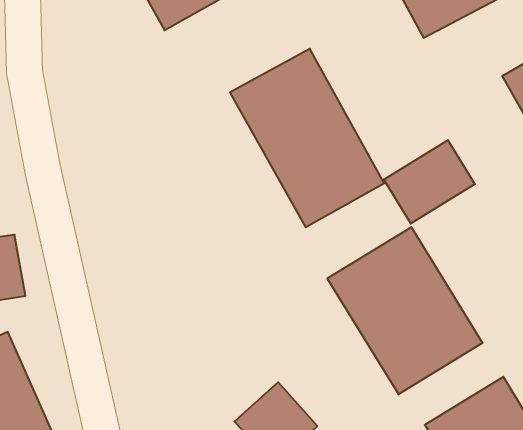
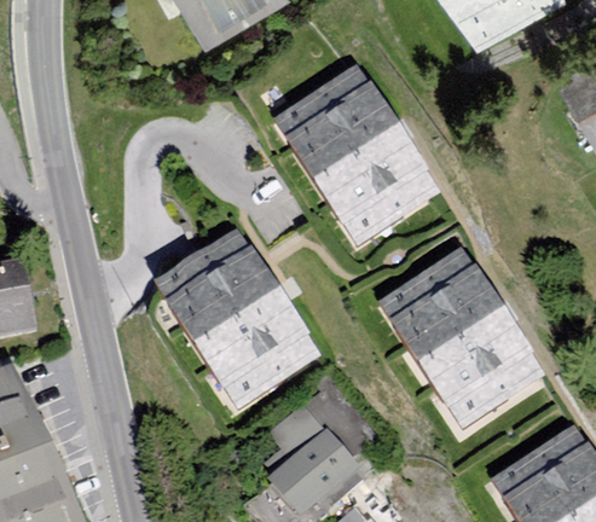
building: [384,140,475,224] -> none
building: none -> [164,239,324,408]

